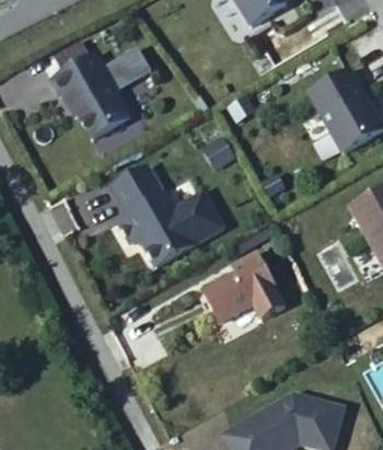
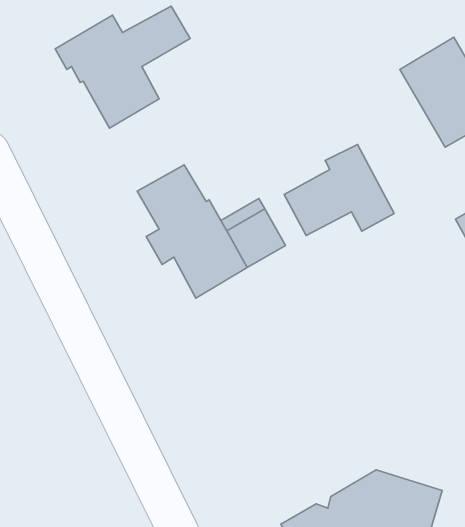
building: [201,256,283,324] -> [284,144,394,235]

